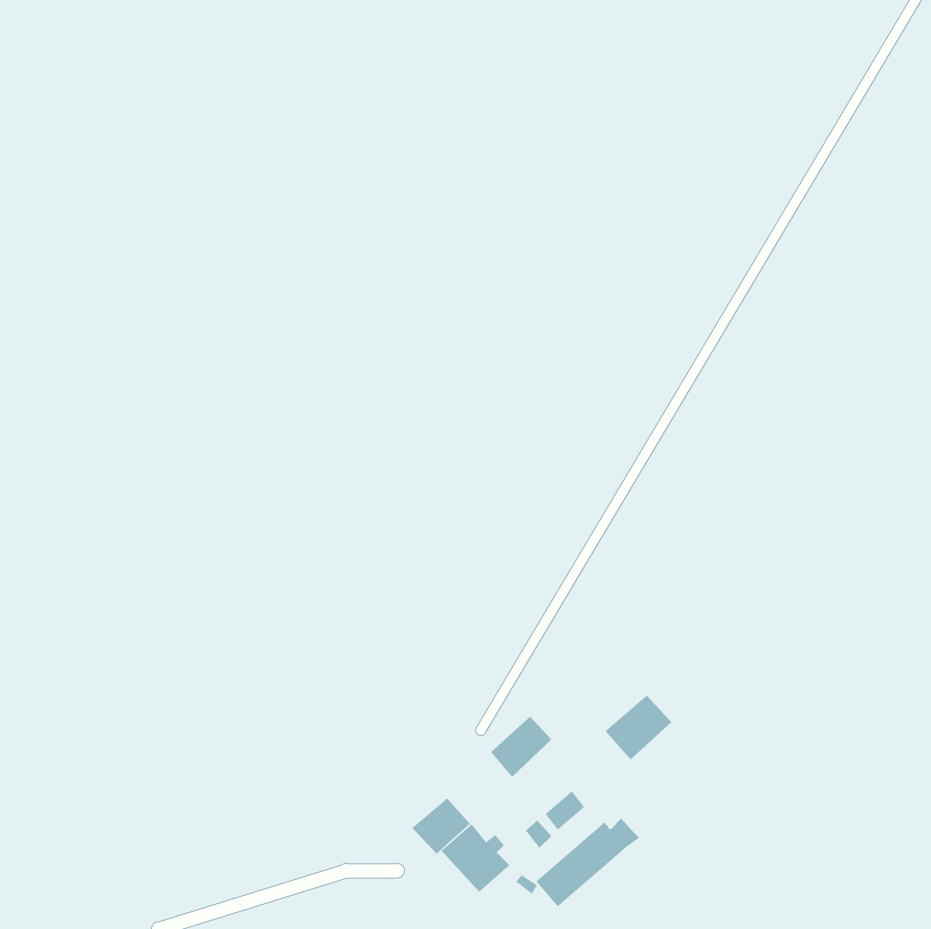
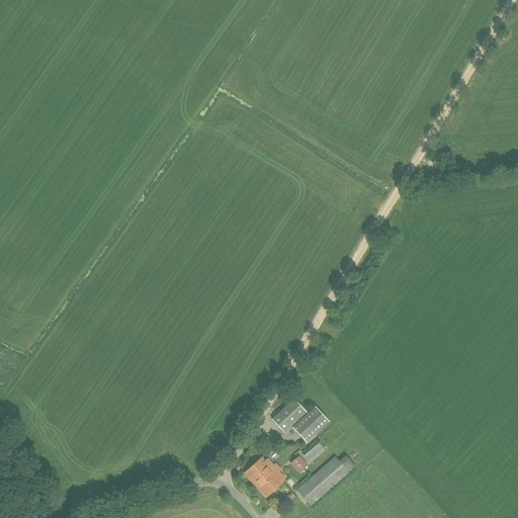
building: [605,695,672,760] -> [292,406,330,442]
building: [411,798,471,855] -> none

